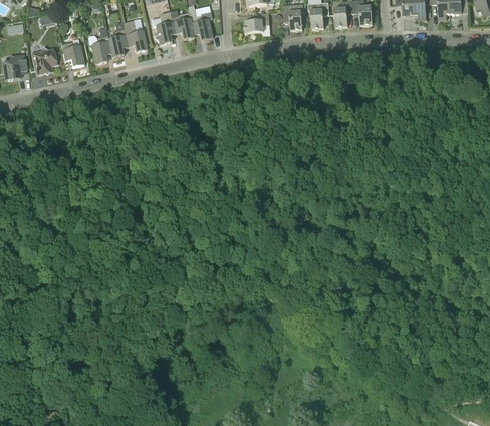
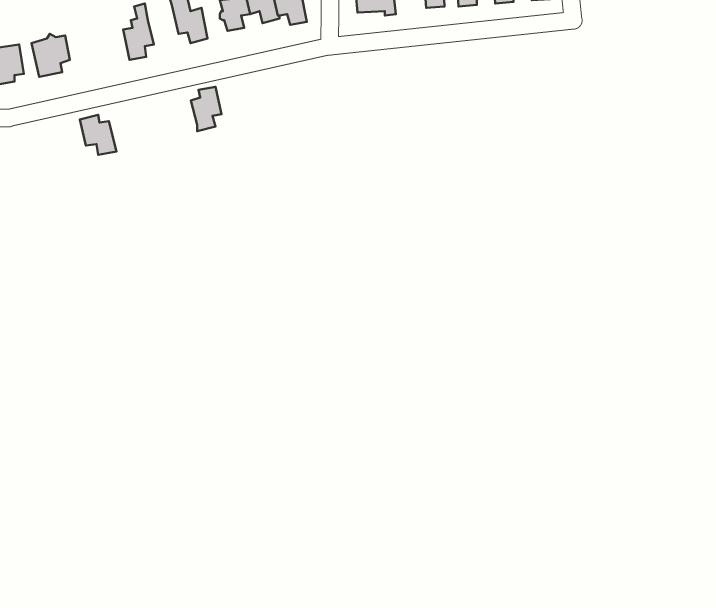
building: [107,29,128,58] -> [191,87,222,131]
building: [60,41,84,67] -> [80,115,116,155]

